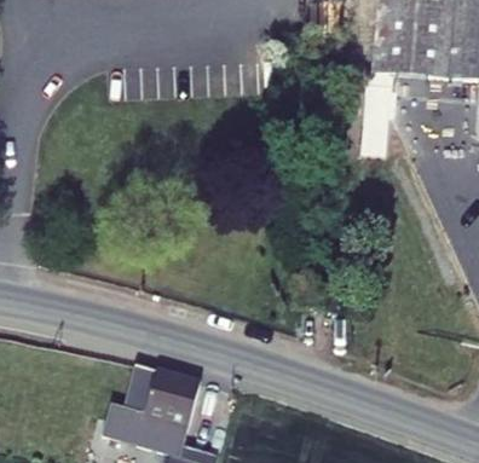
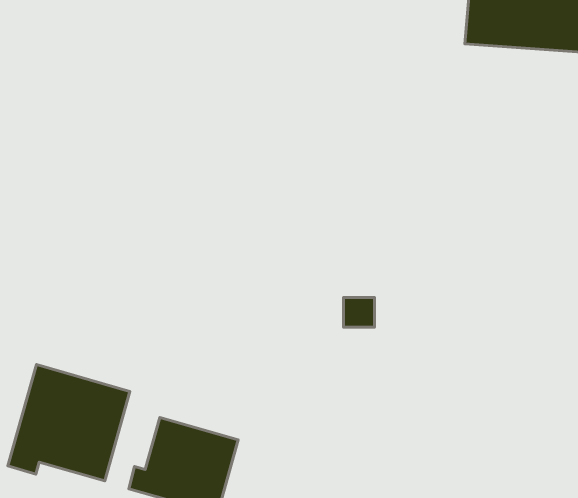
building: none -> [8,365,130,481]

